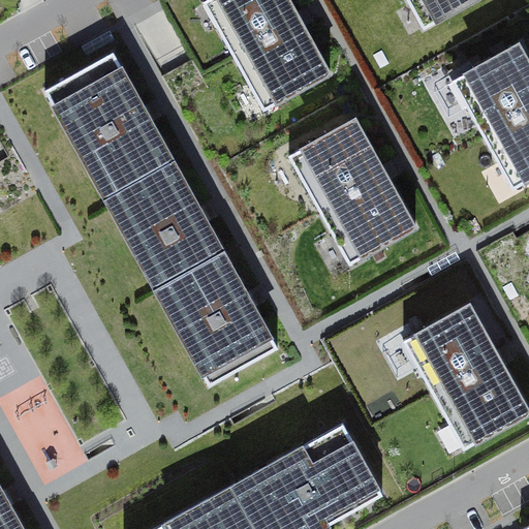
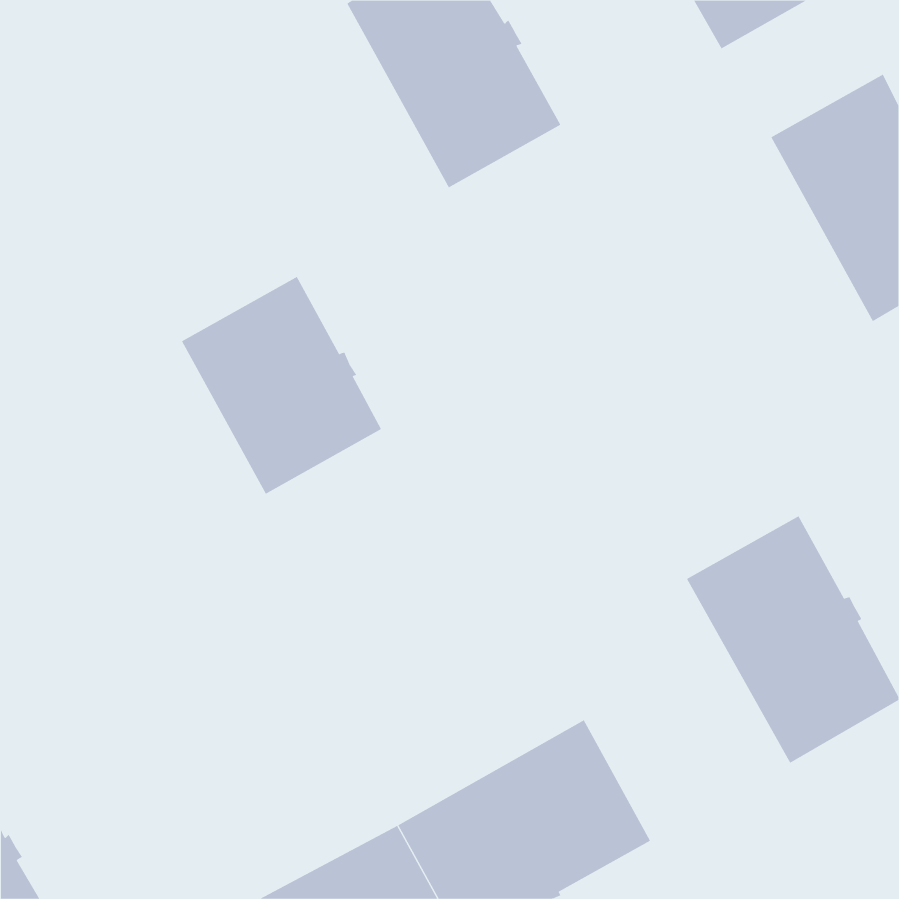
building: [44,53,175,200] -> none
building: [288,119,415,264] -> none
building: [156,252,277,385] -> none

